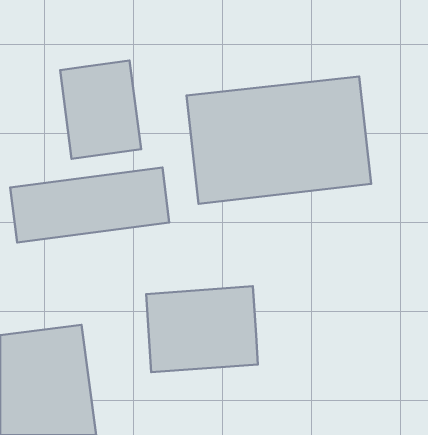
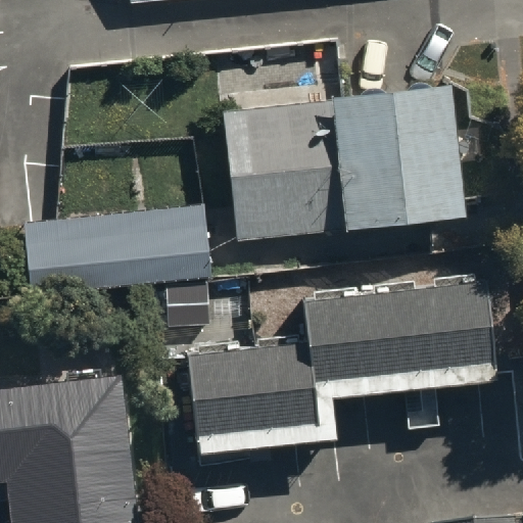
building: [60,61,141,159] -> none
building: none -> [308,278,495,398]

